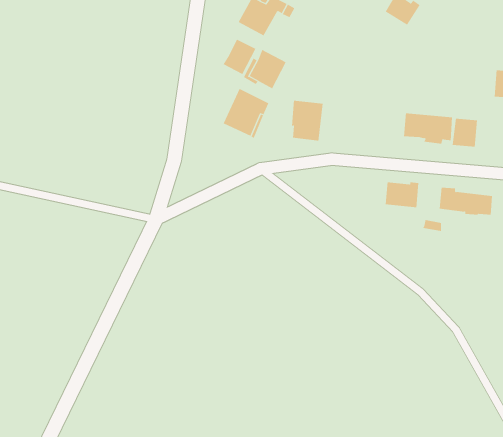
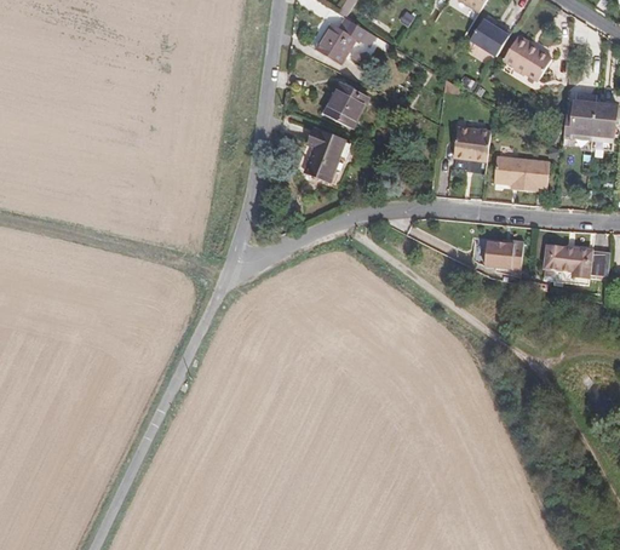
building: none -> [509,40,552,81]
building: [223,39,256,75] -> none
building: [291,100,324,141] -> [454,126,490,172]
building: [452,118,478,147] -> [572,104,601,137]

